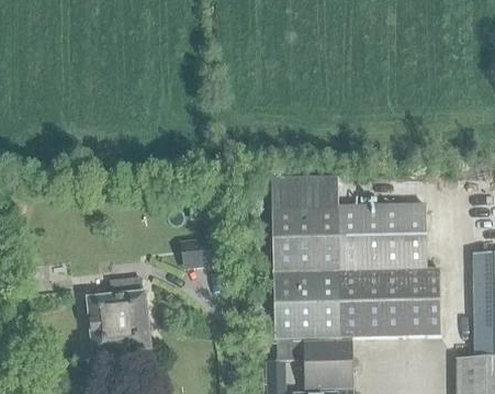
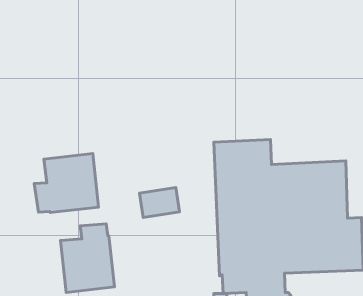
building: none -> [34,154,99,213]

